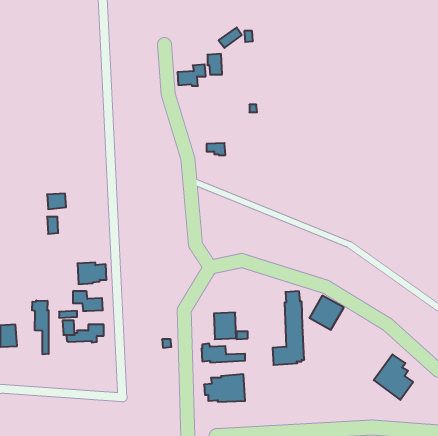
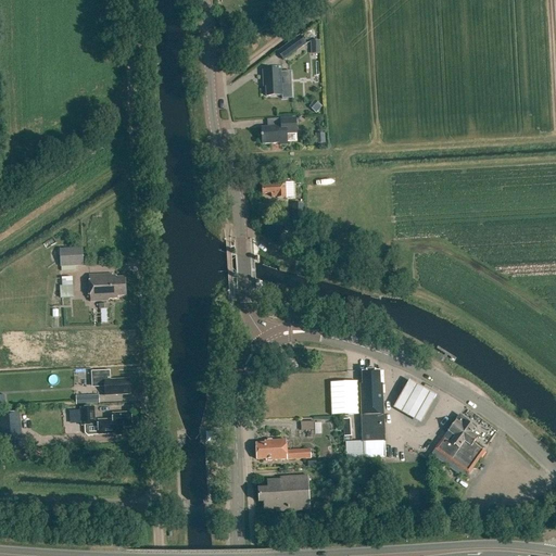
building: [177,64,206,86] -> [261,116,296,143]
building: [77,263,107,284] -> [89,273,126,300]
building: [32,300,49,354] -> none
building: [214,313,236,339] -> [330,379,358,413]
building: [374,354,413,400] -> [434,415,484,472]

